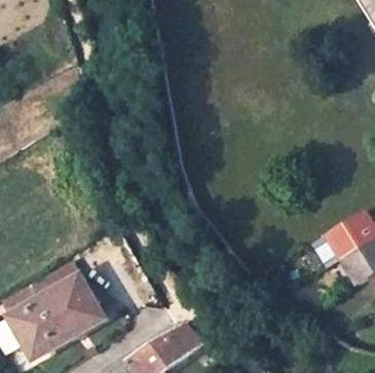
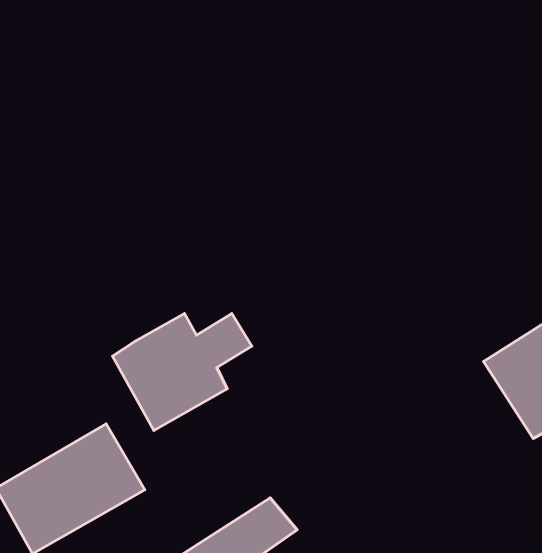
building: none -> [113,314,252,431]

